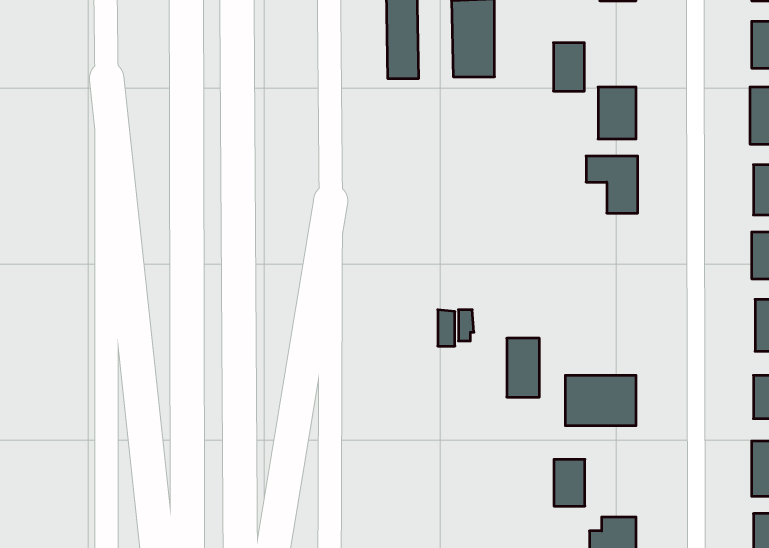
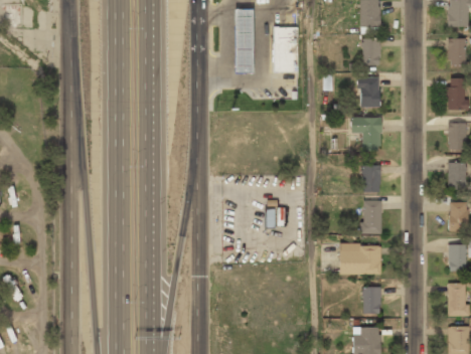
building: [553,43,584,91] -> [362,38,380,66]
building: none -> [362,165,380,193]
building: [507,338,539,397] -> [362,200,381,234]
building: [554,459,585,506] -> [362,288,380,315]

